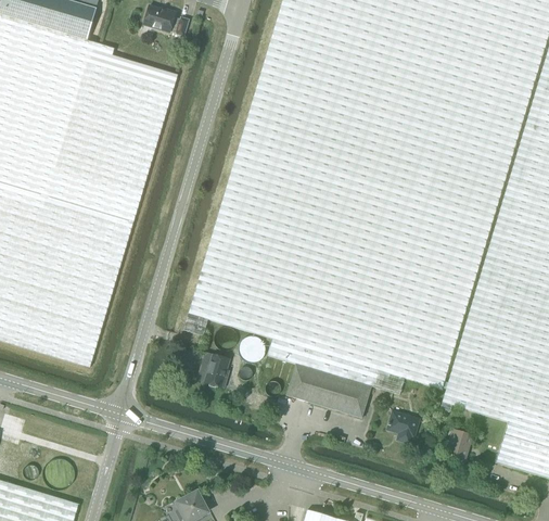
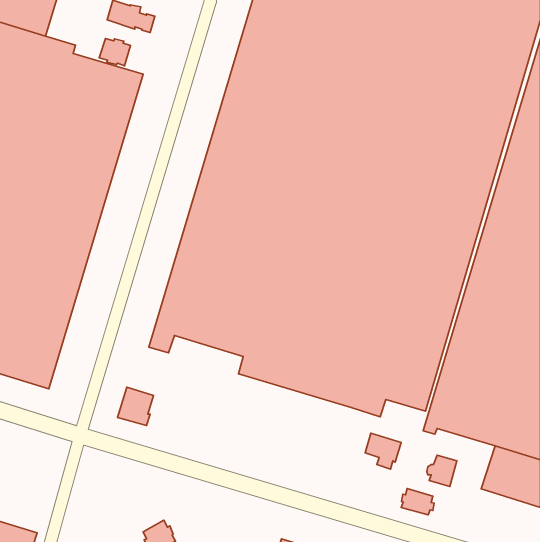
building: none -> [99,39,130,66]
building: [195,352,229,387] -> [117,387,154,426]
building: [285,364,371,418] -> none
building: none -> [401,489,434,515]

